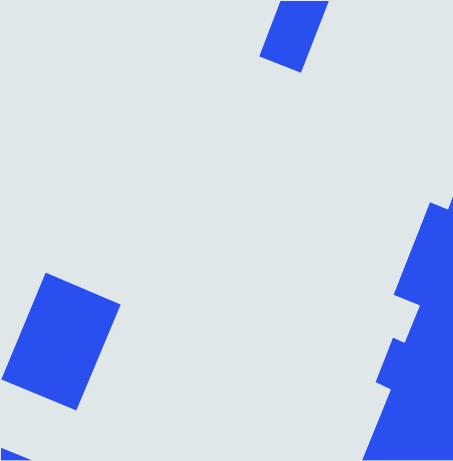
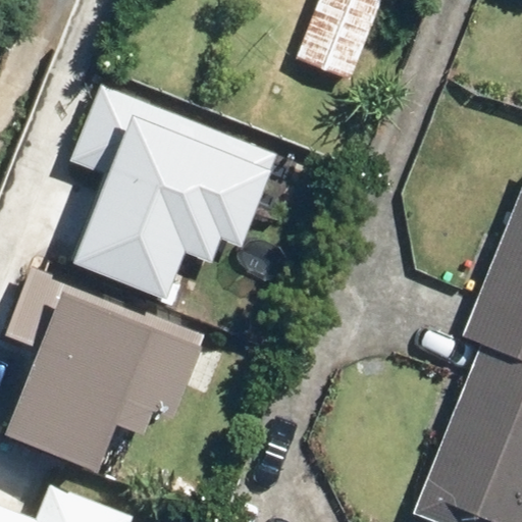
building: none -> [74,109,275,294]

